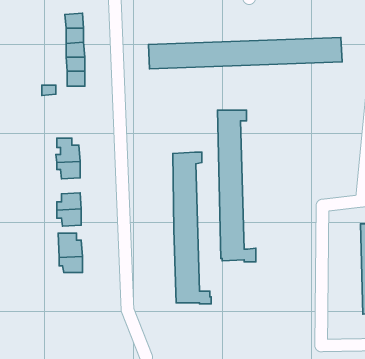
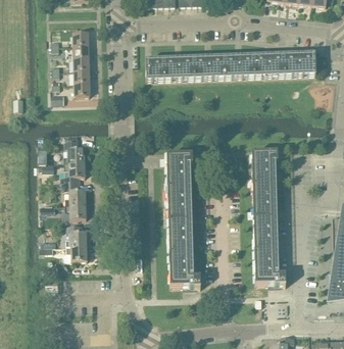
building: [217,110,256,262] -> [252,151,286,285]

